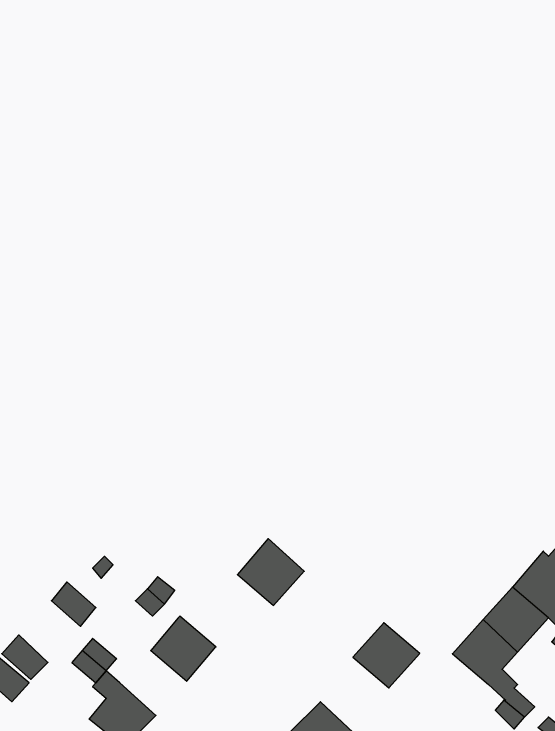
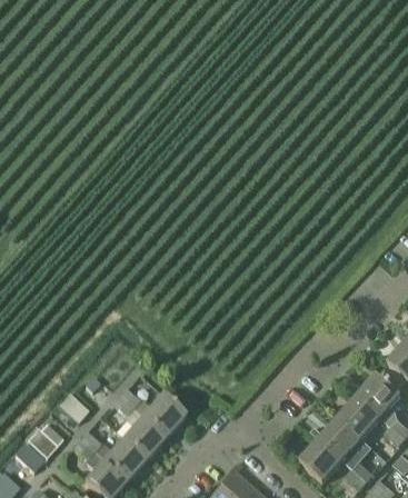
building: [237,539,304,605] -> [142,391,186,435]
building: [353,623,420,688] -> [299,439,342,481]
building: none -> [103,437,147,479]

